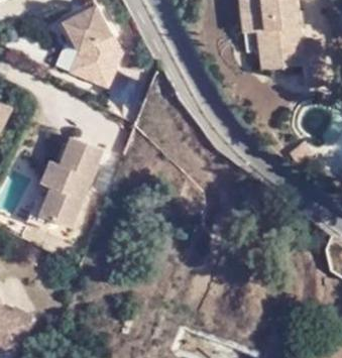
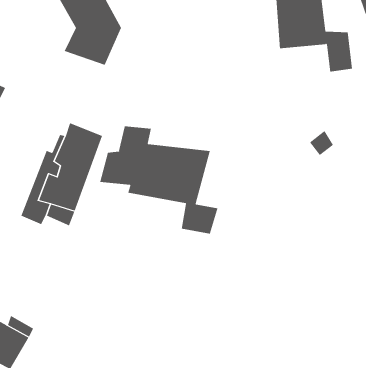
building: none -> [99,125,218,235]

